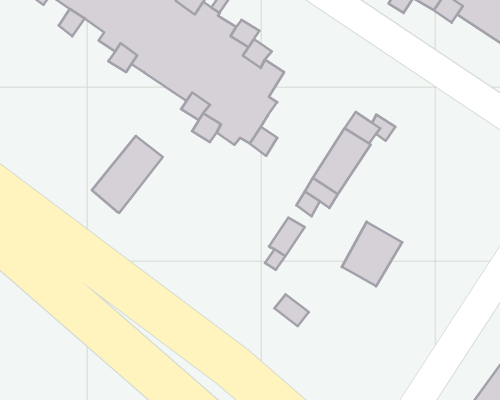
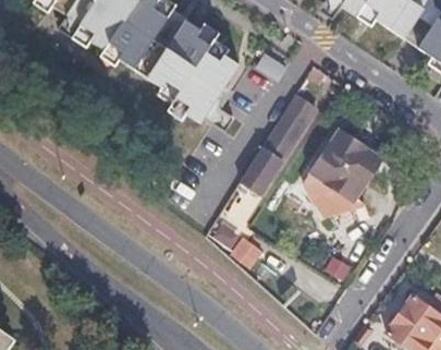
building: [92,136,163,213] -> none
building: none -> [316,130,385,198]

